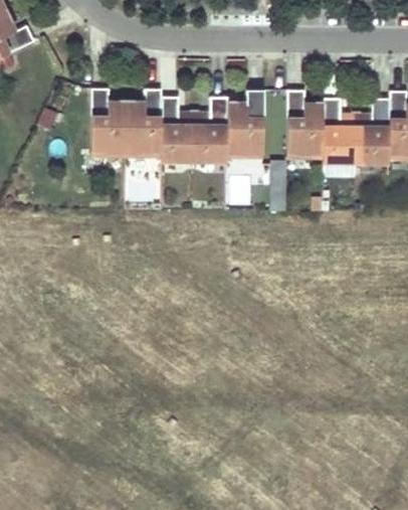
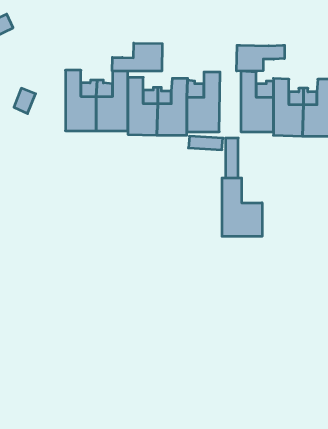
building: none -> [112,43,162,71]
building: none -> [237,45,285,71]
building: none -> [222,178,262,236]

